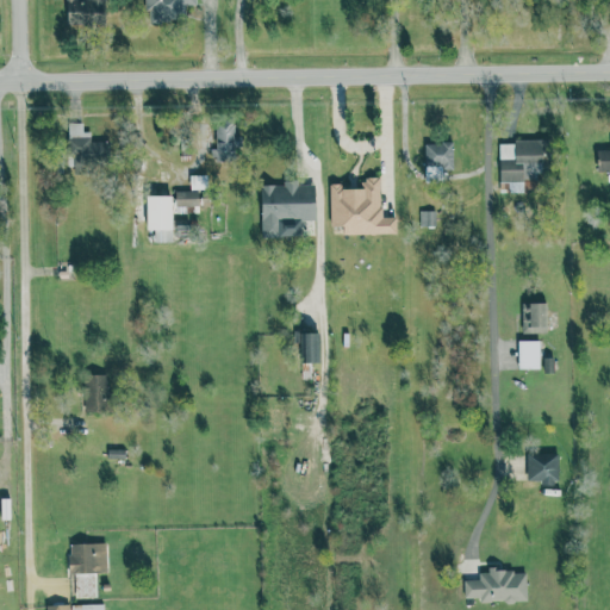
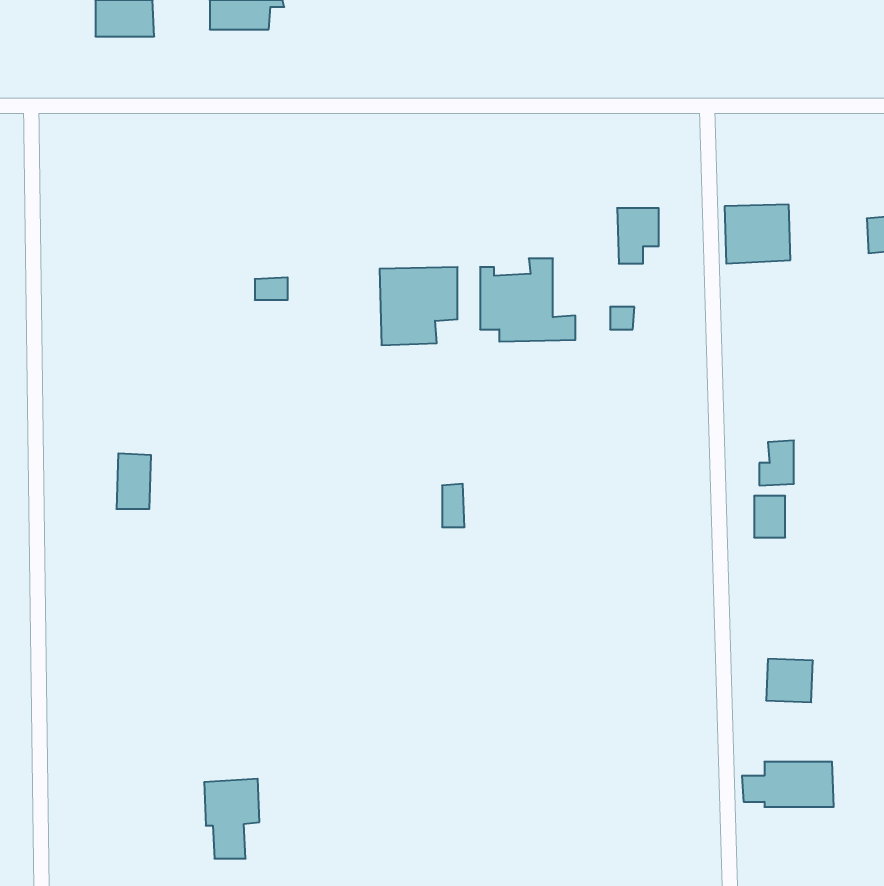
building: [216,122,235,160] -> none
building: [69,123,93,164] -> none
building: [147,197,173,242] -> none
building: [85,374,108,412] -> [116,453,151,509]
building: [69,542,107,597] -> [204,779,259,859]
building: [465,571,528,602] -> [742,762,834,807]

